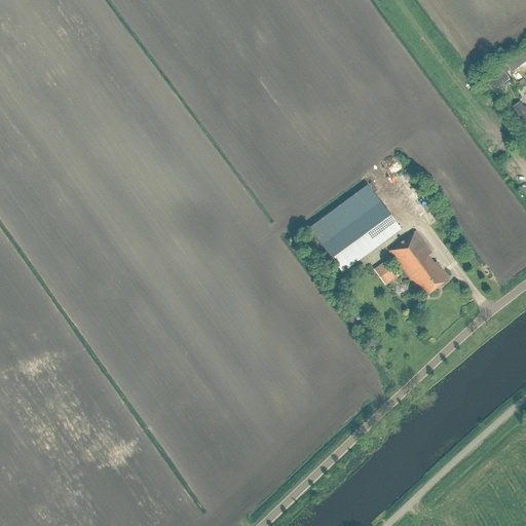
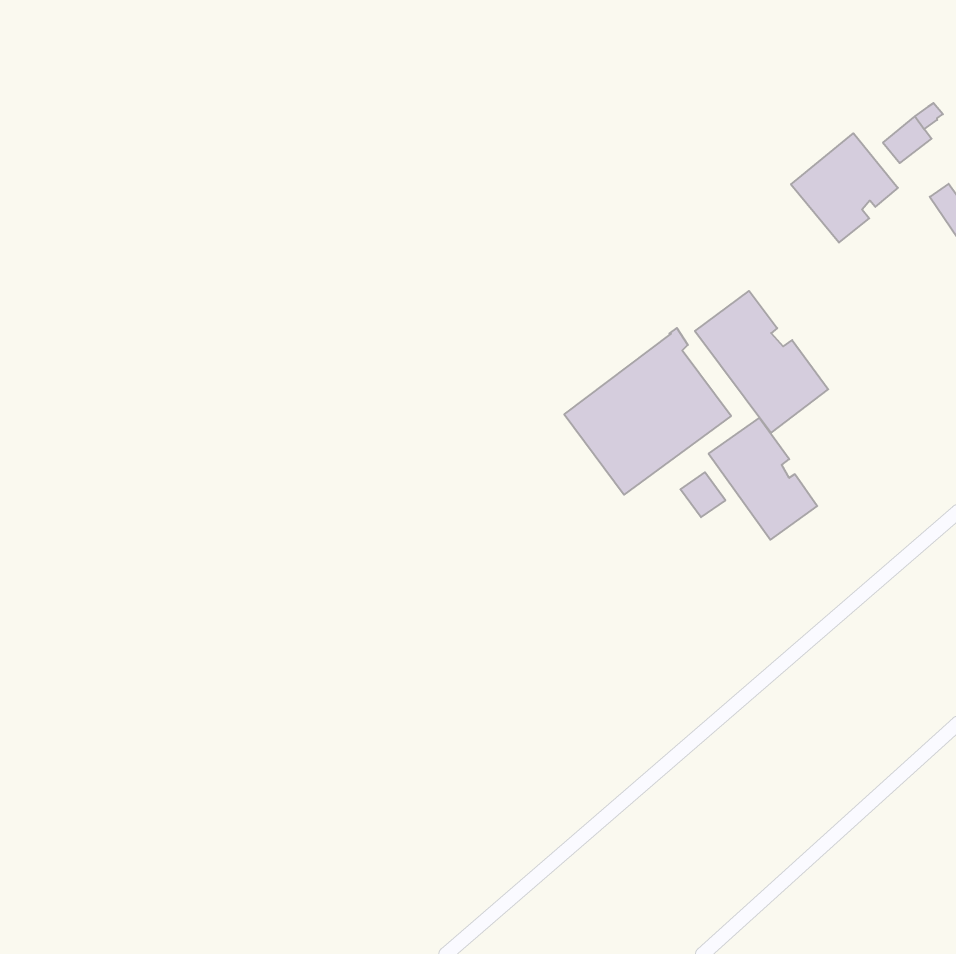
building: none -> [791,133,898,243]
building: none -> [695,291,828,433]

